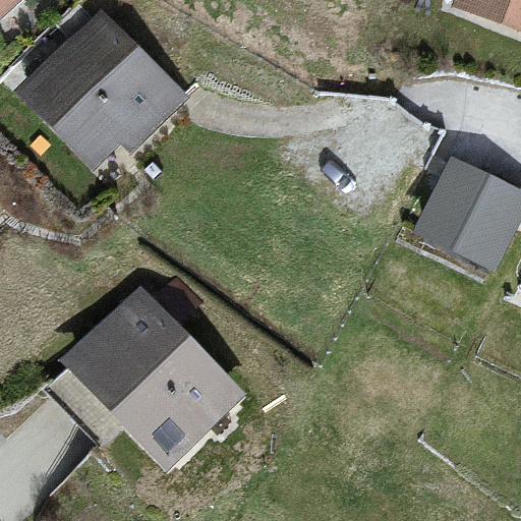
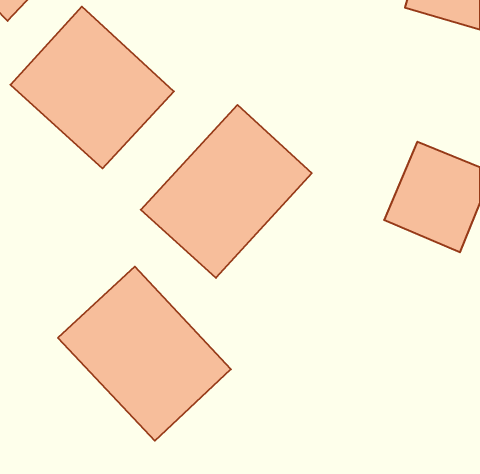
building: none -> [141,105,312,278]

